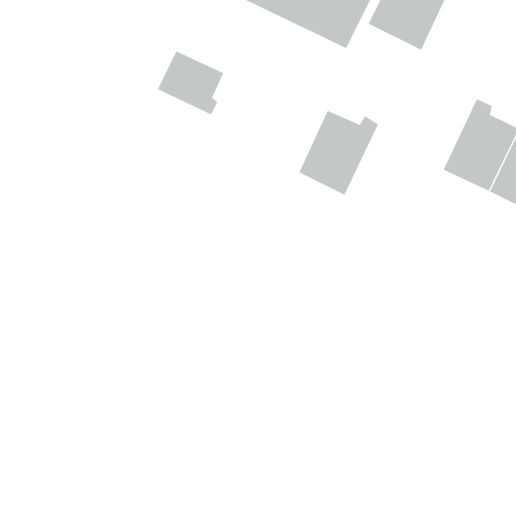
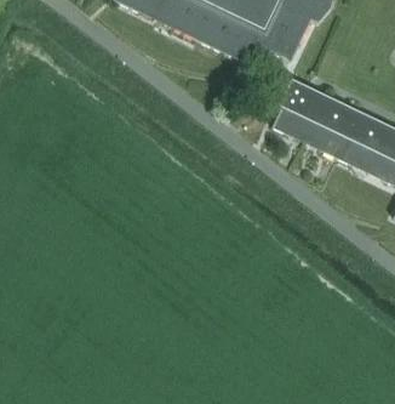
building: [157,51,224,115] -> none
building: [298,110,379,196] -> [271,81,326,140]

